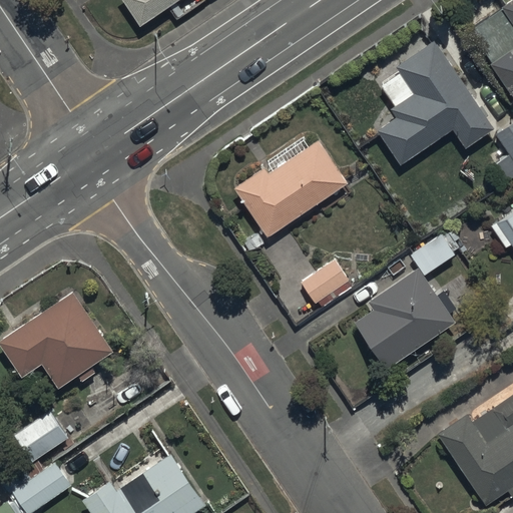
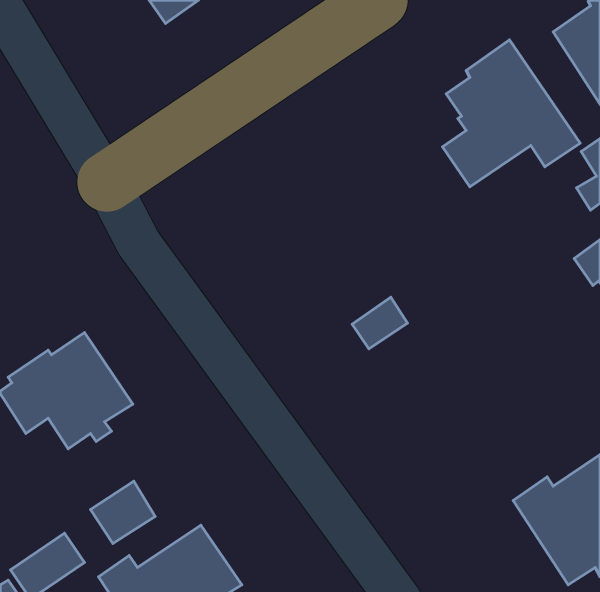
building: [234,139,349,237] -> none
building: [355,230,463,383] -> none
building: [13,410,68,463] -> [90,481,155,543]

